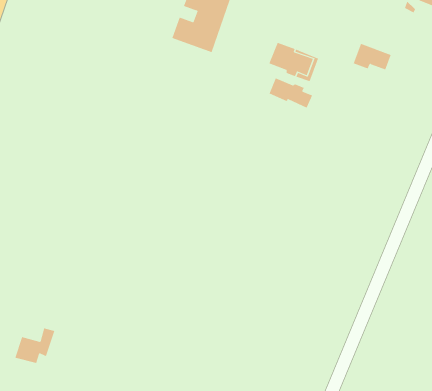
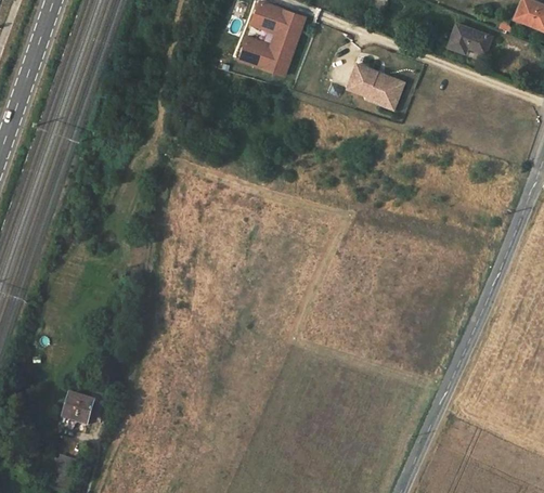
building: [353,43,392,70] -> [448,23,491,53]
building: [269,77,313,108] -> none

